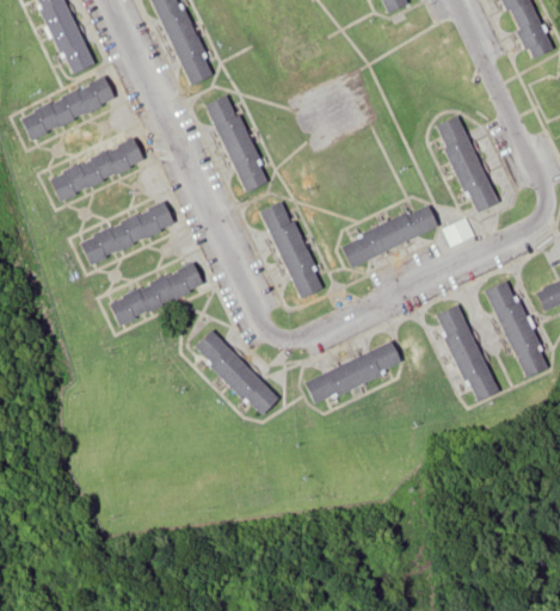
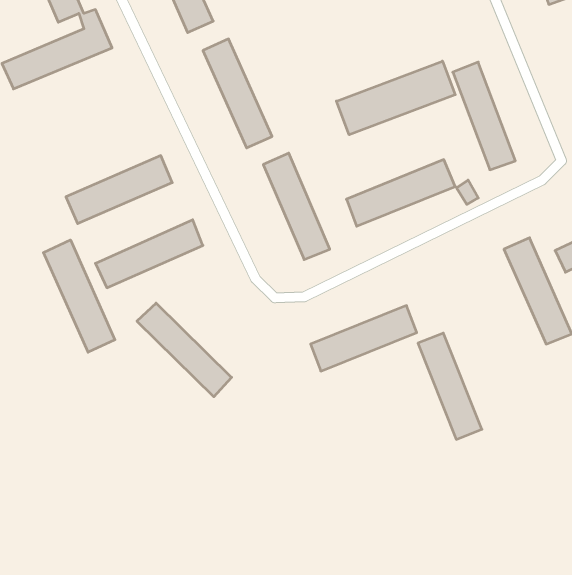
building: none -> [336,61,455,135]
building: [48,141,146,199] -> none
building: none -> [43,240,115,352]
building: [437,303,497,402] -> [418,333,482,439]
building: [192,328,281,415] -> [137,303,232,397]

